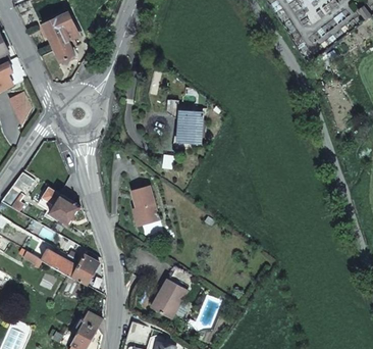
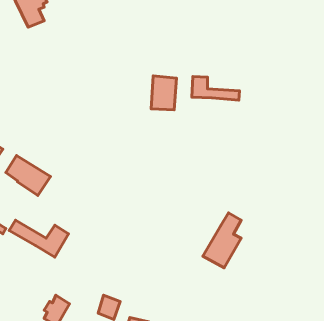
building: none -> [192,77,239,100]
building: [131,186,159,226] -> none
building: [152,266,189,319] -> [203,213,241,268]

